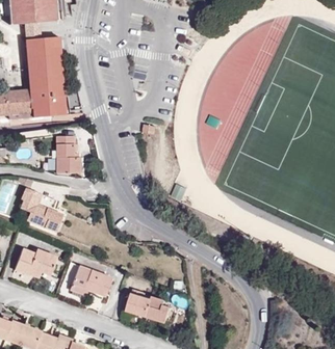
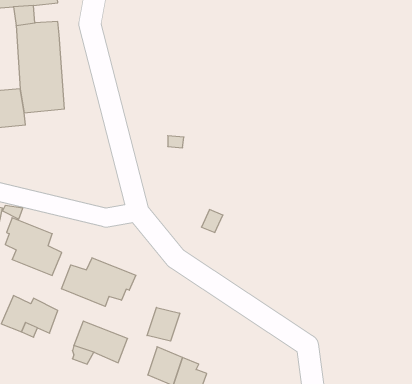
building: [54,134,82,171] -> none
building: none -> [62,258,136,306]
building: none -> [147,307,180,341]

